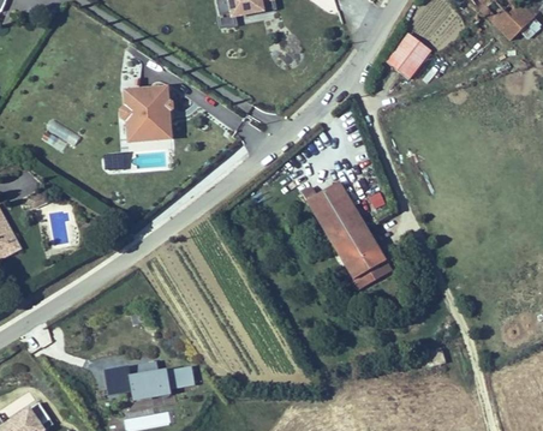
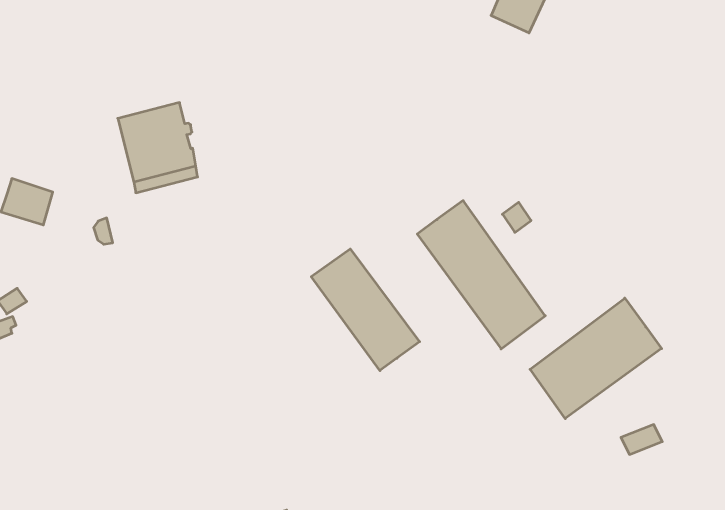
building: none -> [311,249,420,371]
building: none -> [530,298,662,419]

